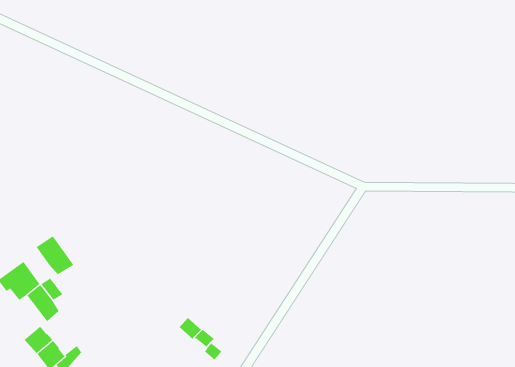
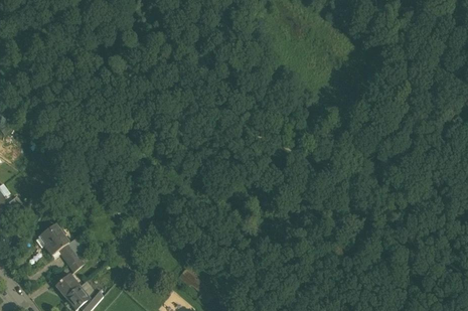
building: [36,236,74,275] -> none

